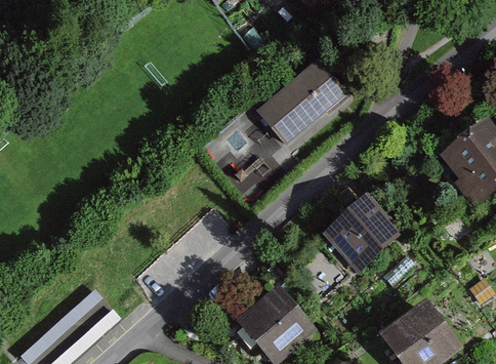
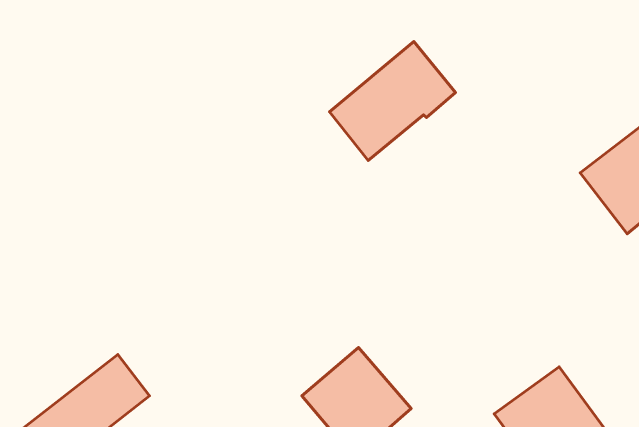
building: [321,195,401,274] -> none

